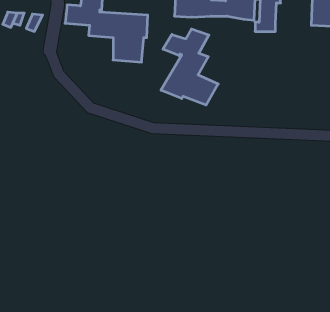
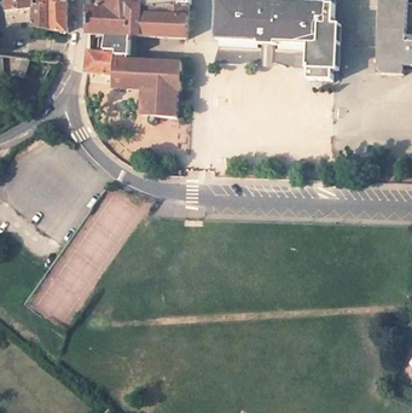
building: [161,29,218,105] -> none

